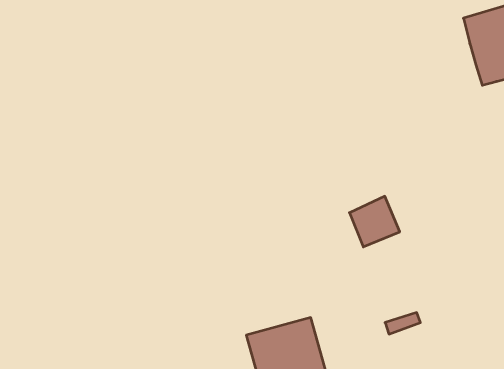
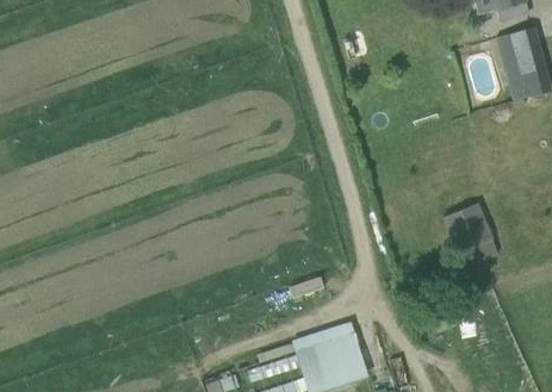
building: [349,196,400,247] -> [445,205,492,253]

